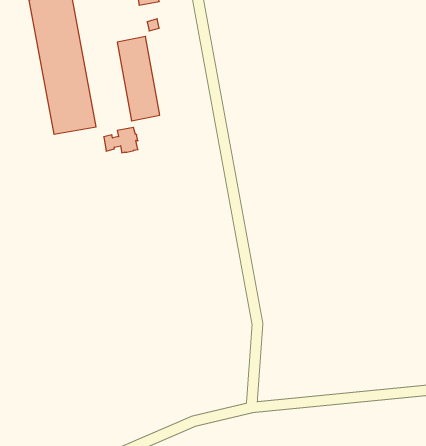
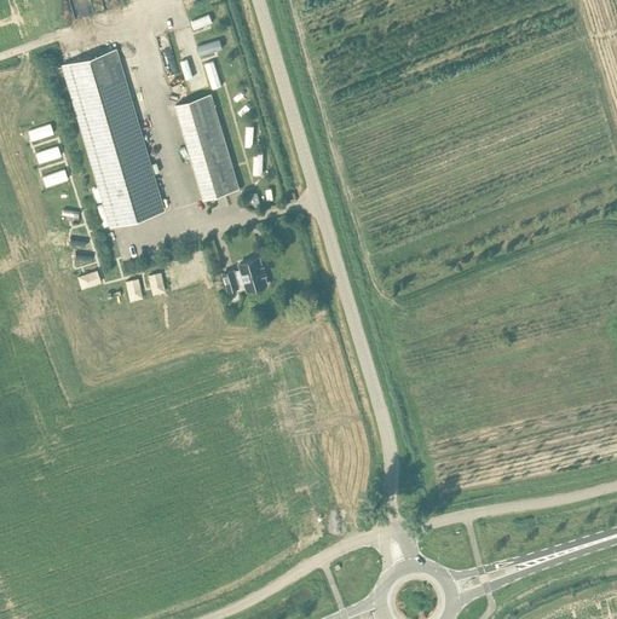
building: [104,127,138,153] -> [225,259,269,291]

